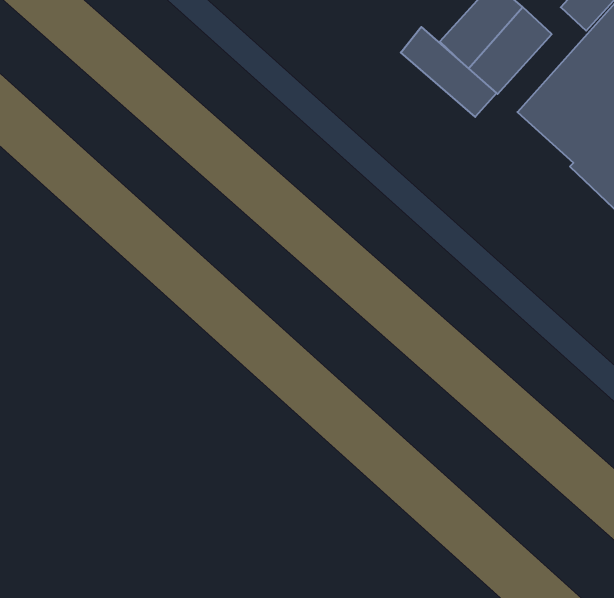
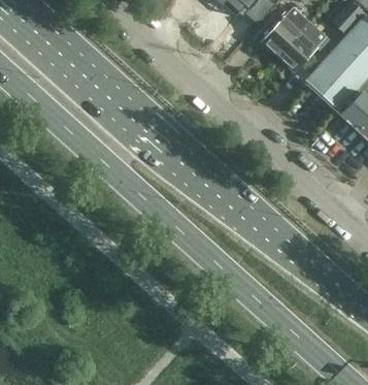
building: [401,27,496,117] -> none

